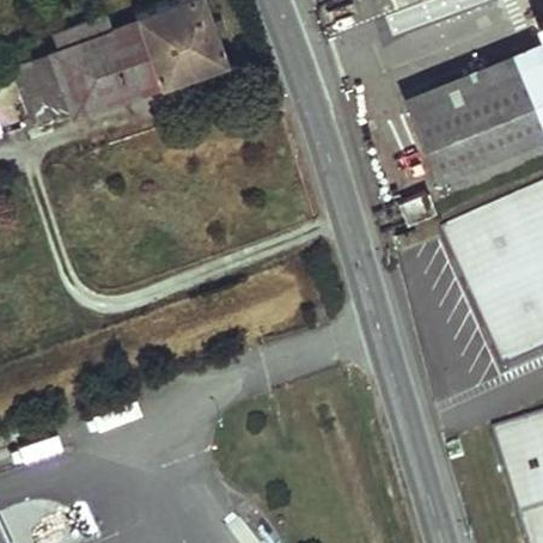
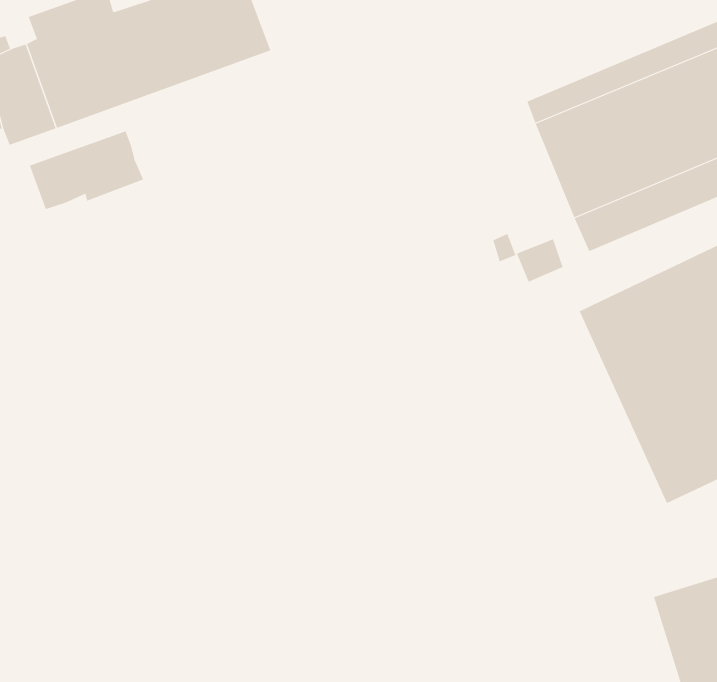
building: none -> [29,131,144,210]

